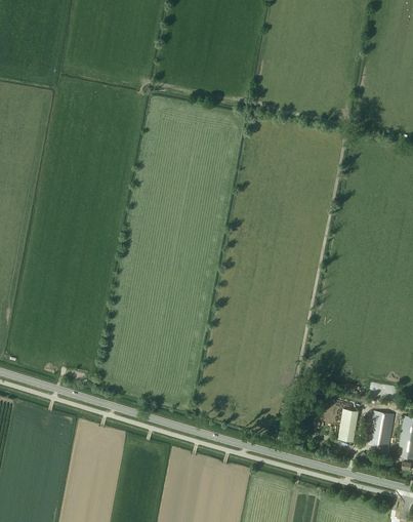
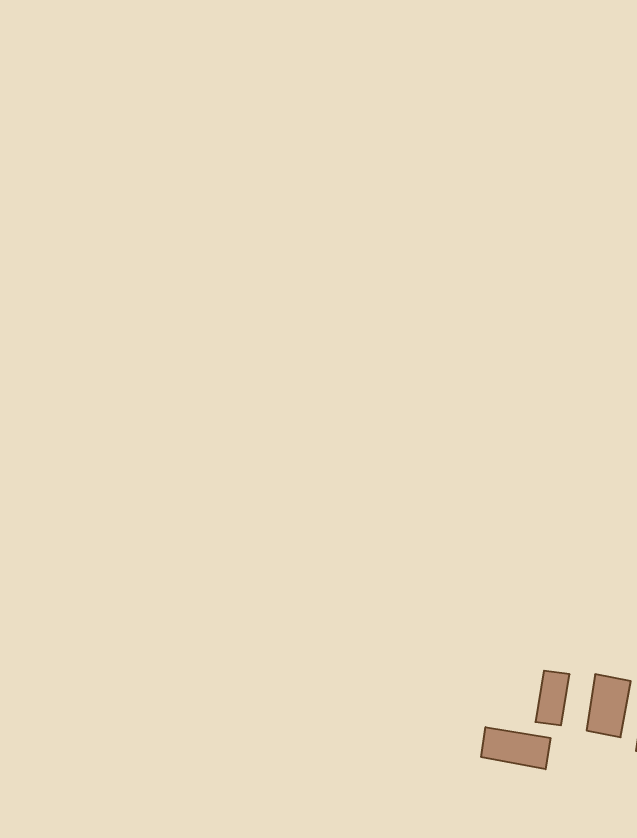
building: none -> [481,727,550,769]

